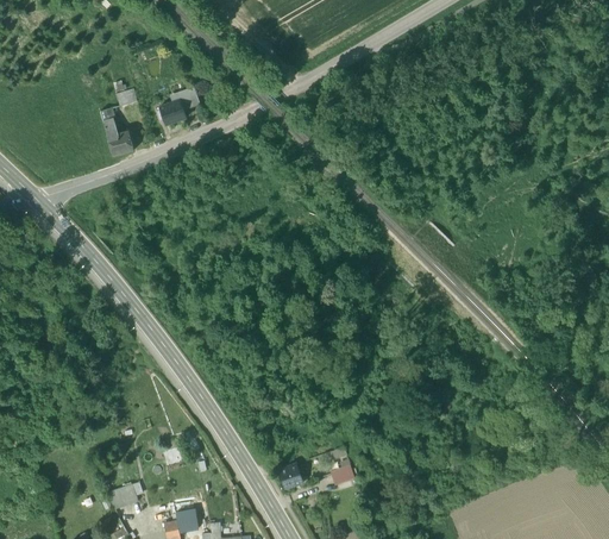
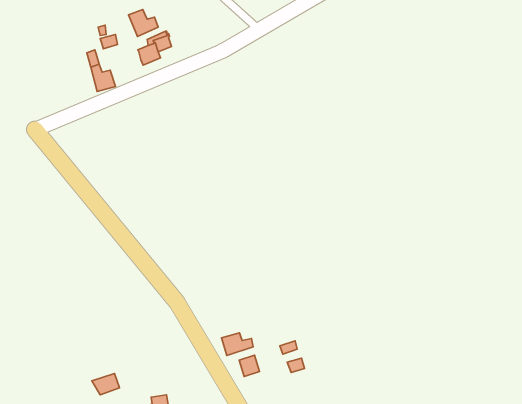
building: none -> [129,10,158,37]
building: none -> [221,333,253,356]

